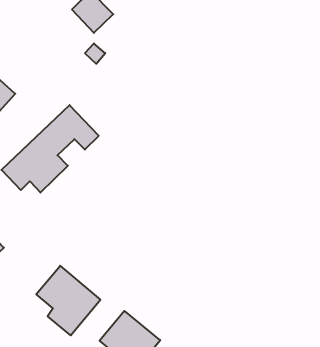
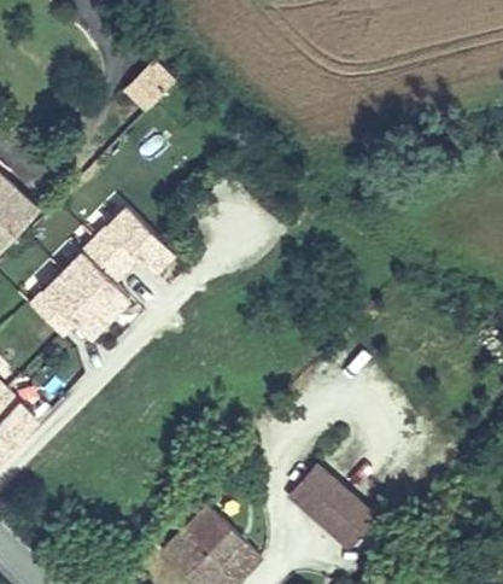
building: [36,266,100,335] -> none
building: none -> [293,467,375,542]

